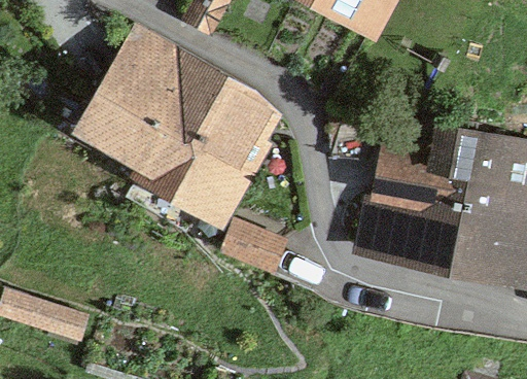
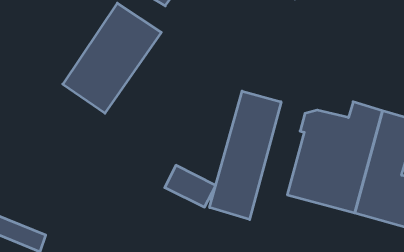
building: [144,69,267,210] -> none
building: none -> [210,91,281,220]

